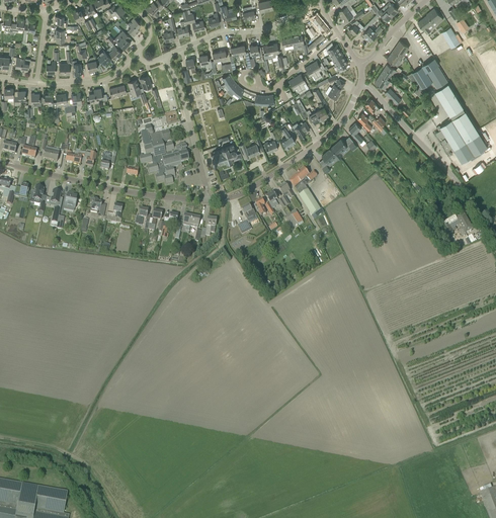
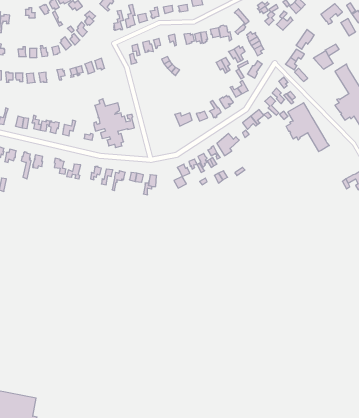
building: none -> [286,103,329,152]
building: [211,145,242,166] -> none

